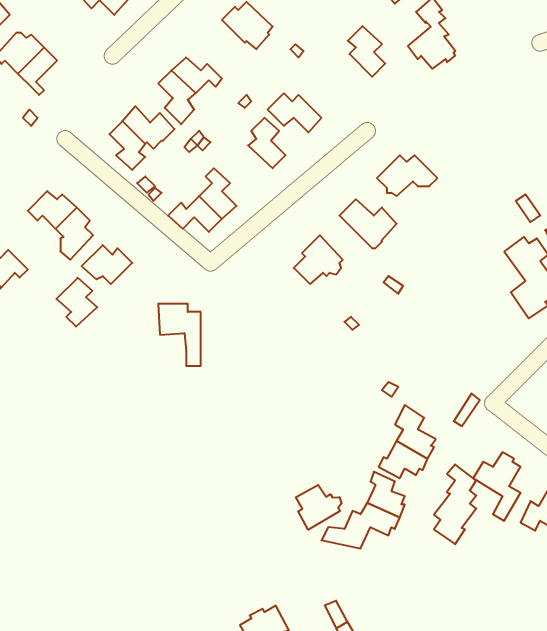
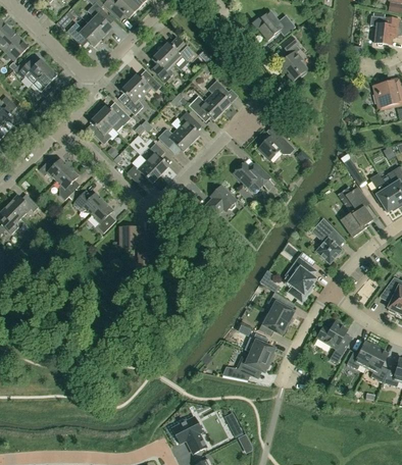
building: none -> [151,50,174,82]
building: [348,26,385,77] -> [207,80,231,111]
building: none -> [158,128,192,152]
building: [56,278,97,327] -> [91,202,116,232]
building: none -> [312,218,342,263]
building: [434,464,476,544] -> [289,251,315,301]
building: [296,485,342,530] -> none

